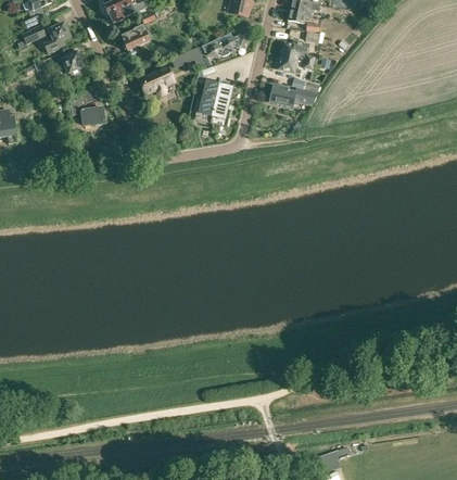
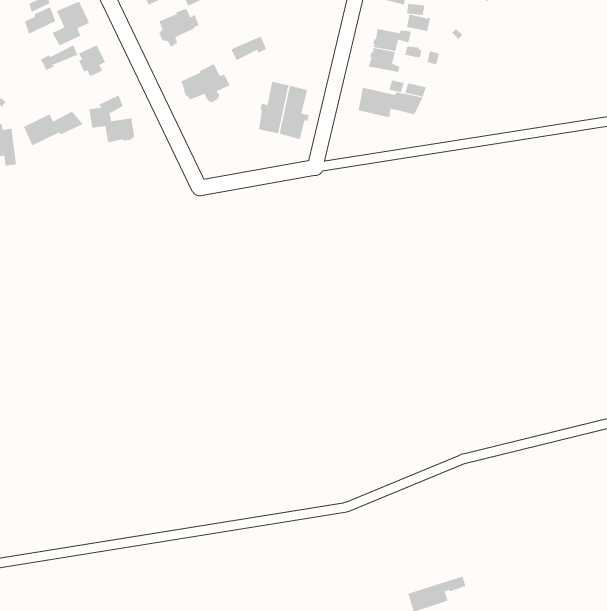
building: [202,34,242,56] -> none
building: none -> [23,111,84,146]

